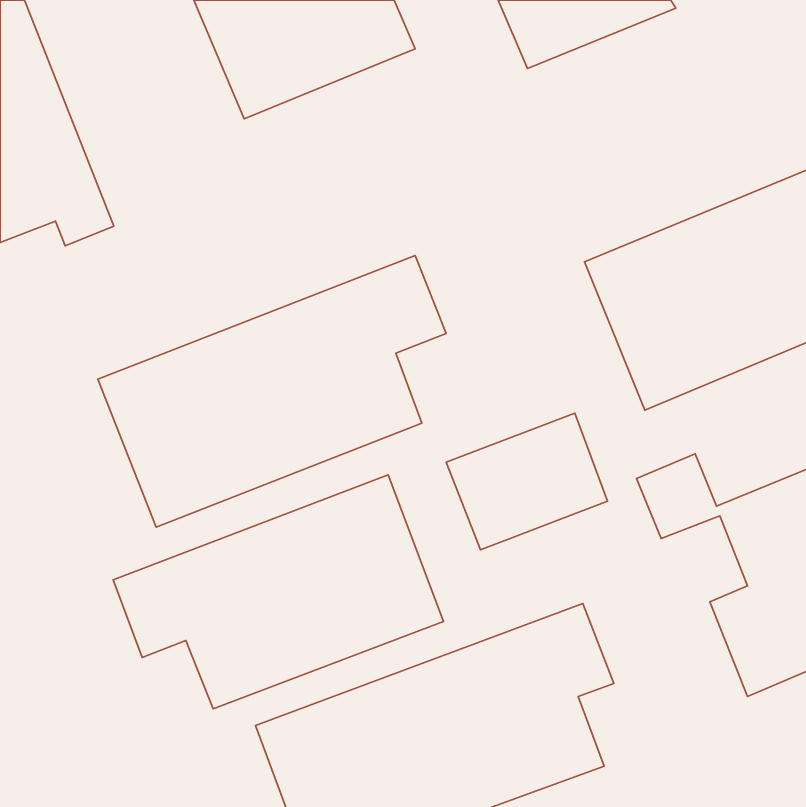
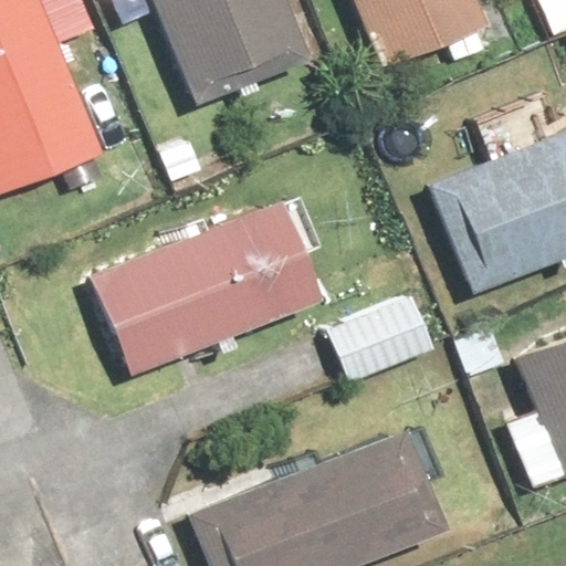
building: [113,475,443,709] -> none

